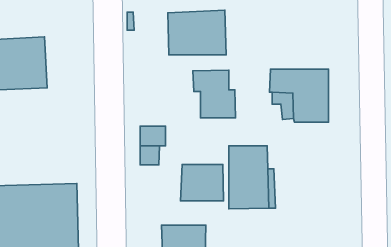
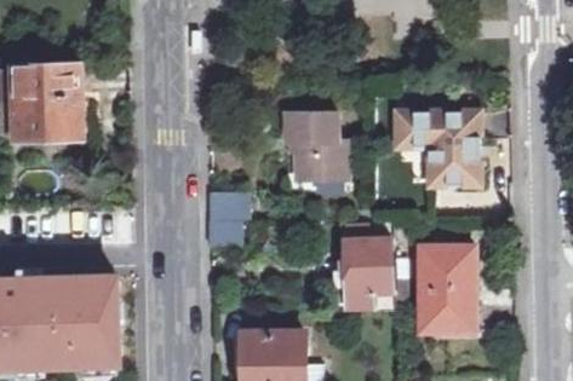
building: [168,10,226,55] -> none
building: [180,165,224,201] -> none
building: none -> [422,248,476,333]

